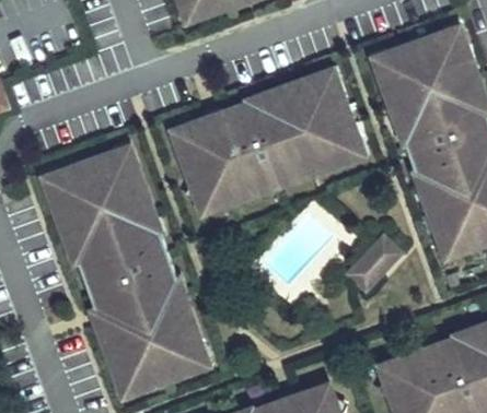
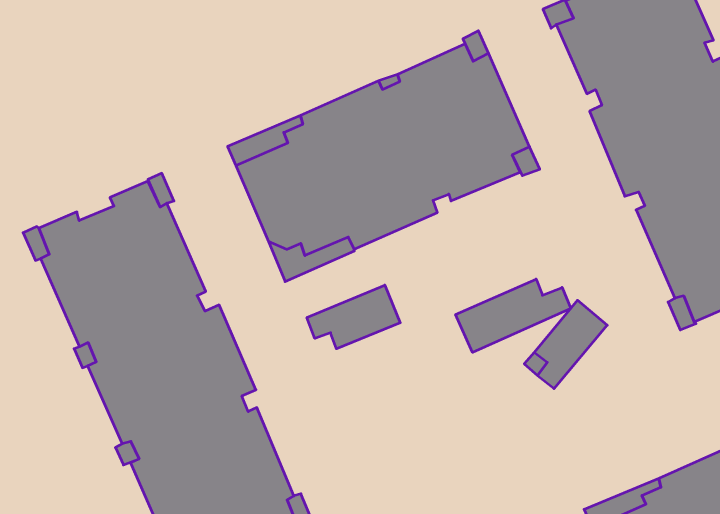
building: none -> [307,285,400,349]
building: none -> [456,279,571,352]

